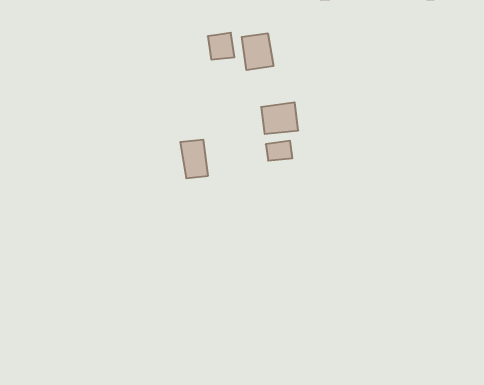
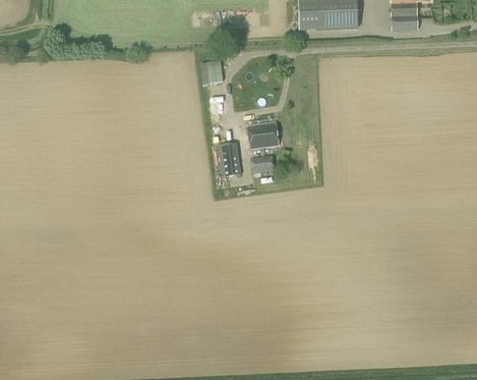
building: [242,33,273,70] -> none
building: [180,140,208,178] -> [218,142,242,175]

